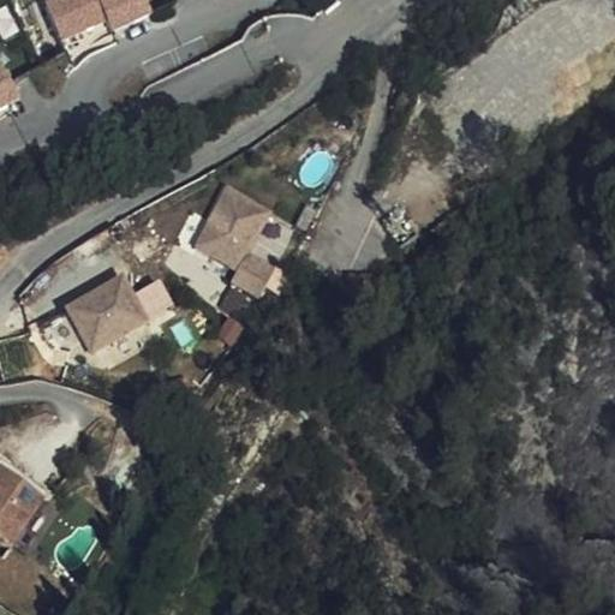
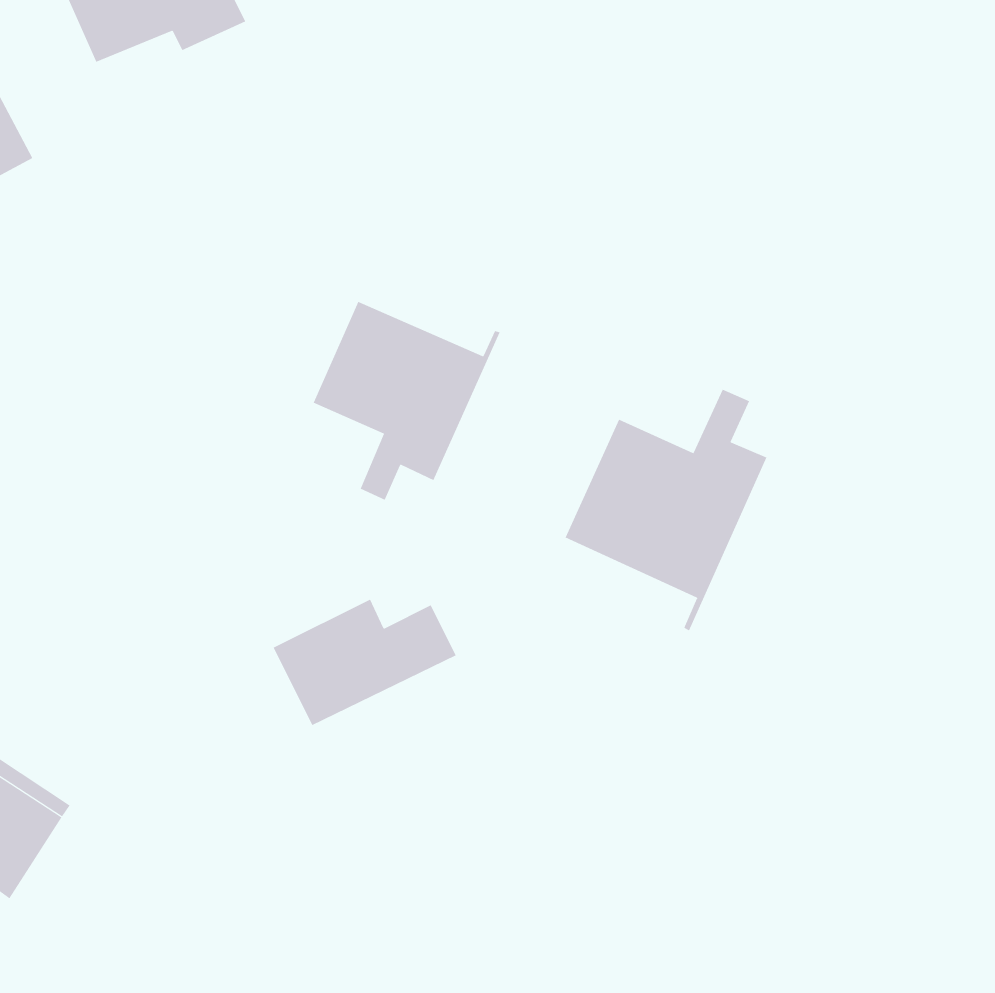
building: none -> [565,389,767,632]
building: [62,274,175,352] -> [273,599,457,726]

